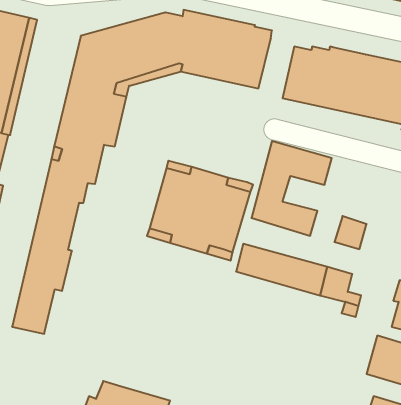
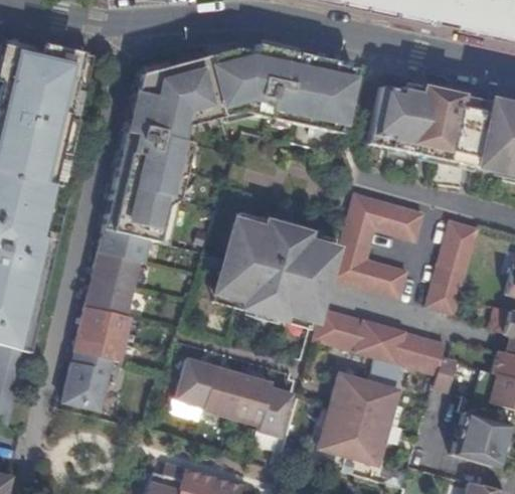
building: none -> [434,219,478,286]
building: none -> [173,358,290,437]
building: none -> [318,372,396,462]

